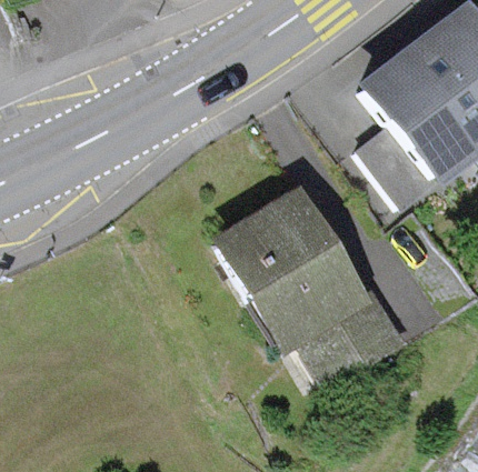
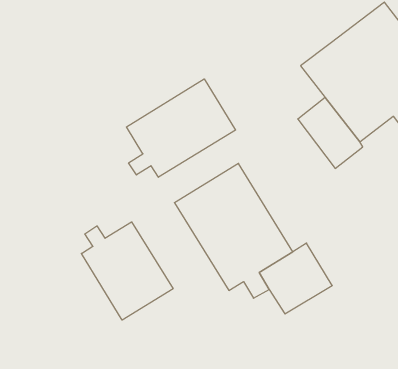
building: none -> [126,79,236,177]
building: none -> [81,222,173,320]

